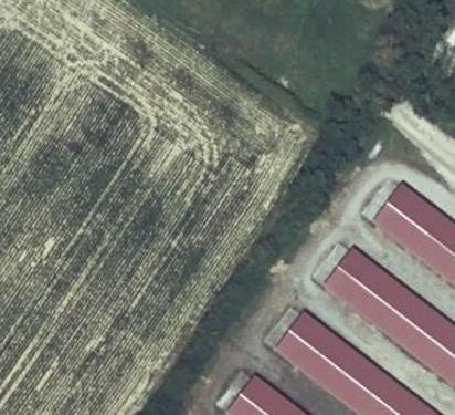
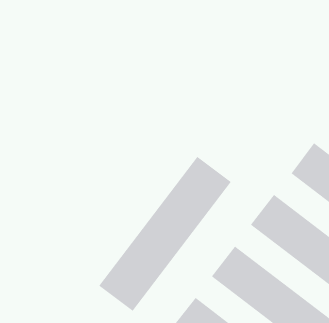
building: none -> [98,156,232,312]

